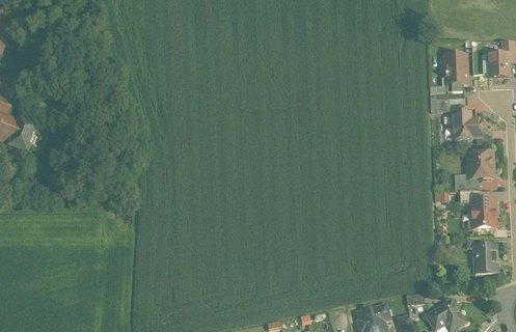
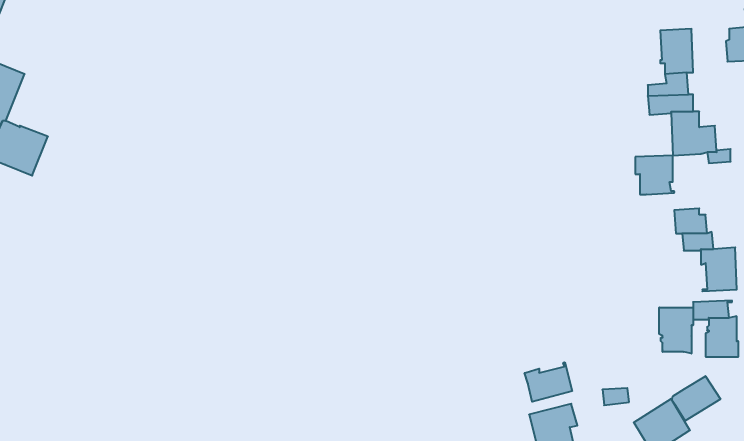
building: [467,151,493,177] -> [635,155,674,194]
building: none -> [659,307,693,354]
building: none -> [525,362,572,402]
building: none -> [672,376,720,421]

